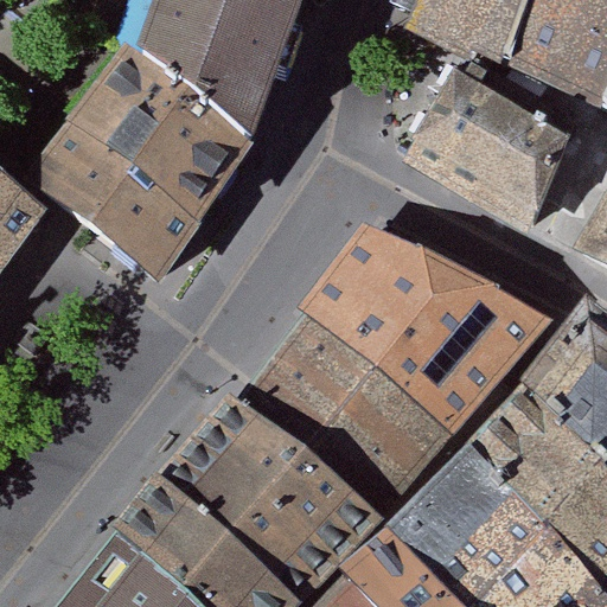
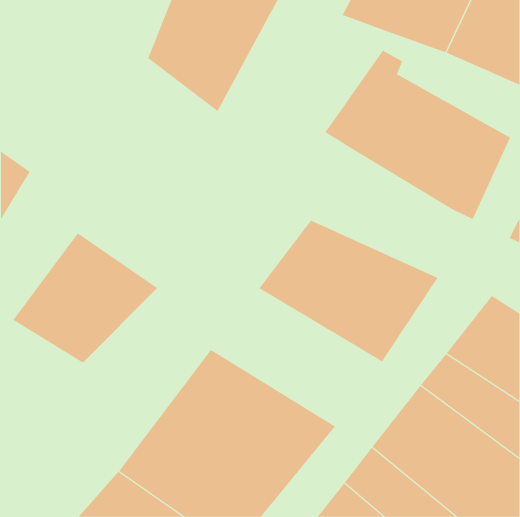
building: [51,49,254,273] -> none
building: none -> [12,232,158,364]
building: [245,336,446,497] -> none

